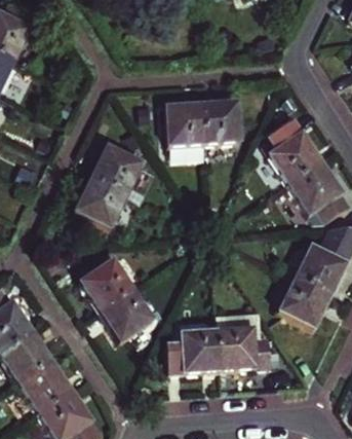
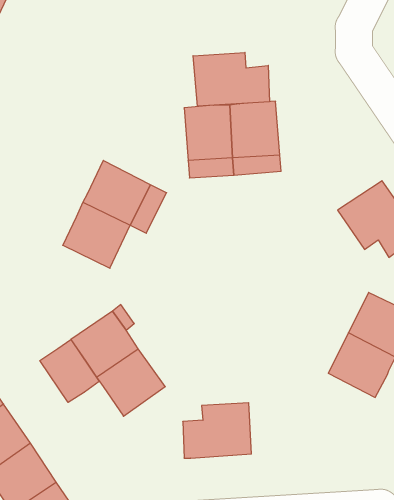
building: none -> [193,52,269,106]
building: [265,118,319,183] -> none
building: none -> [40,340,99,402]
building: [218,327,271,369] -> none

